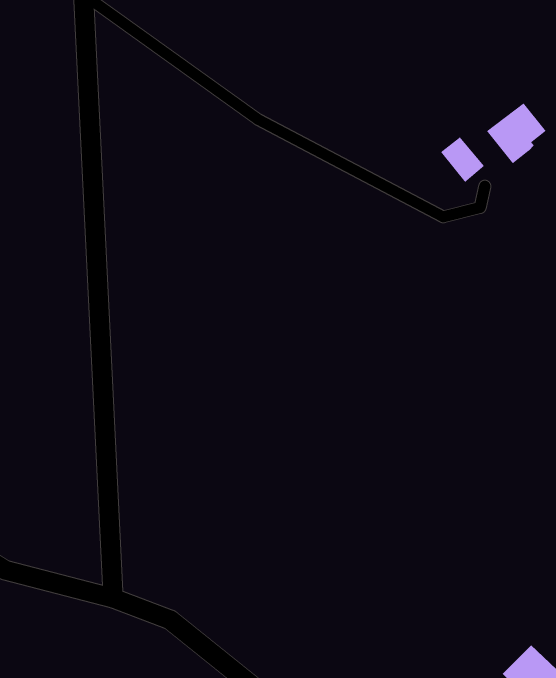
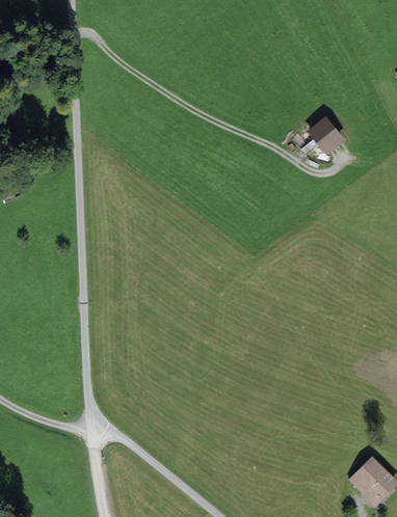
building: [486,102,546,164] -> none

